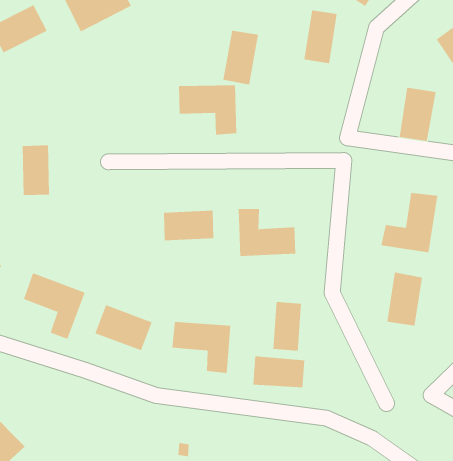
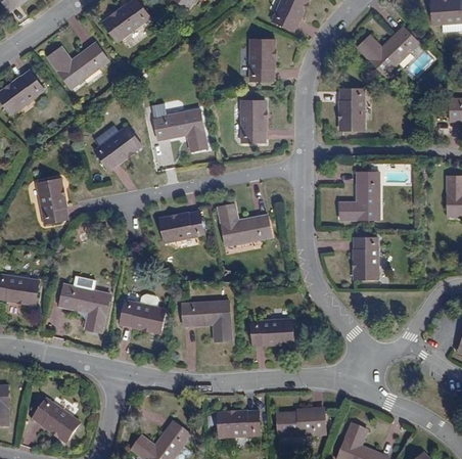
building: [222,30,259,85] -> [243,100,267,142]
building: none -> [95,125,143,169]
building: [273,301,301,352] -> none

